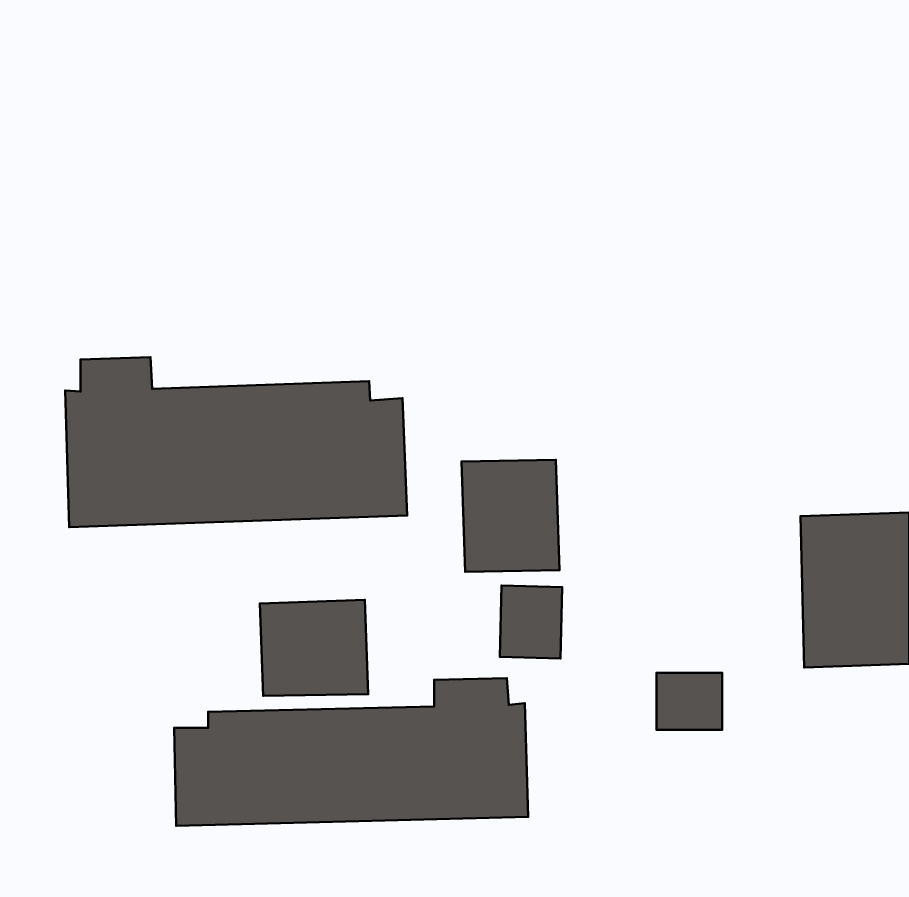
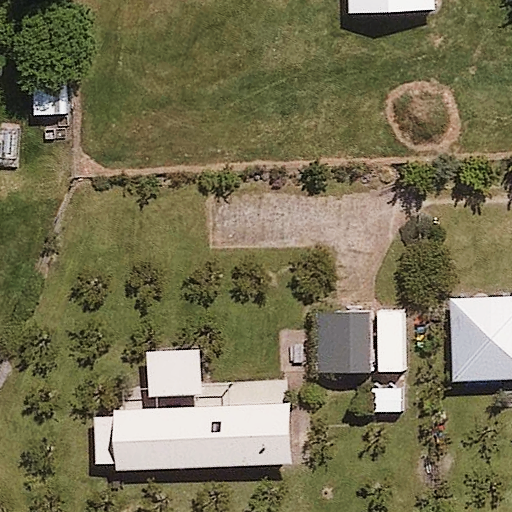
building: [65,357,407,527] -> none
building: [462,460,559,572] -> [320,307,375,370]

